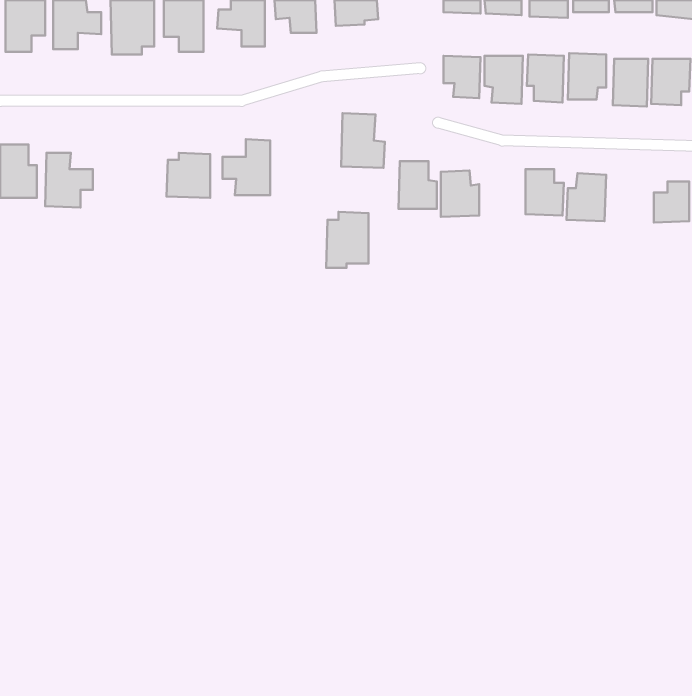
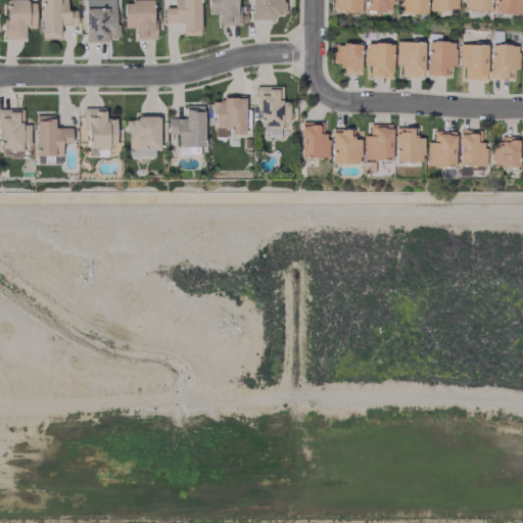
building: none -> [89,108,118,148]
building: none -> [366,125,394,159]
building: none -> [461,131,486,165]
building: [326,212,369,268] -> [216,96,247,138]

